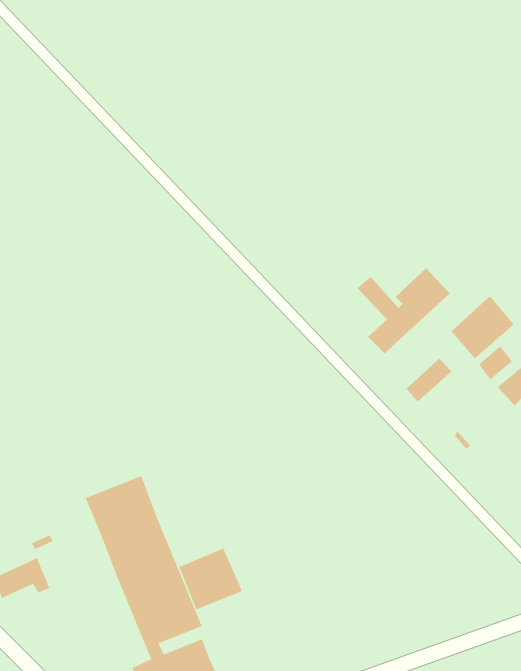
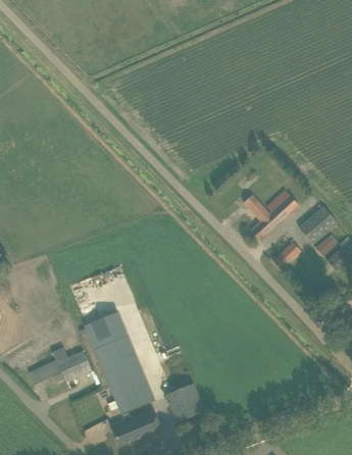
building: none -> [56,350,92,378]
building: [179,548,243,610] -> [166,385,204,421]

